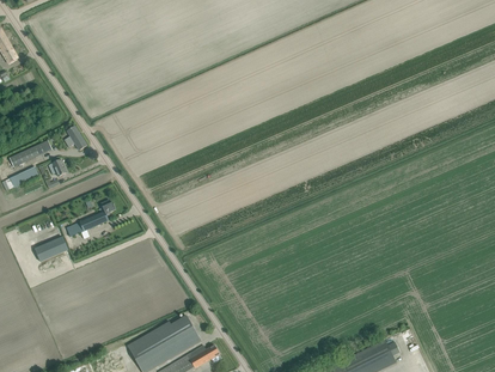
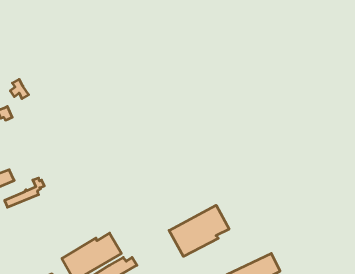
building: [66,200,115,236] -> [5,178,44,207]
building: none -> [169,205,229,256]

